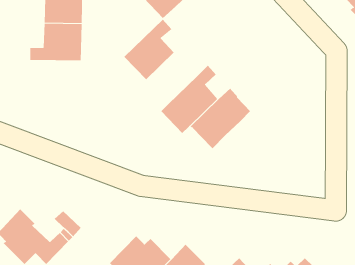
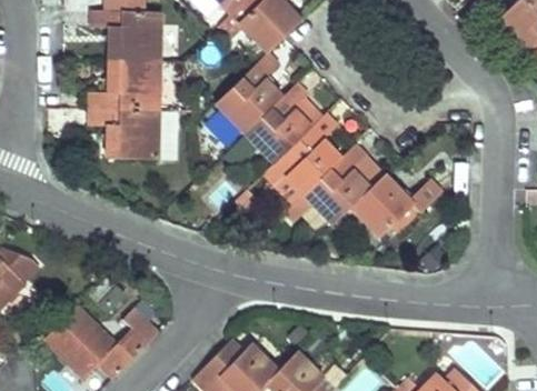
building: none -> [225,83,326,166]
building: none -> [89,108,159,159]
building: none -> [350,174,441,238]

